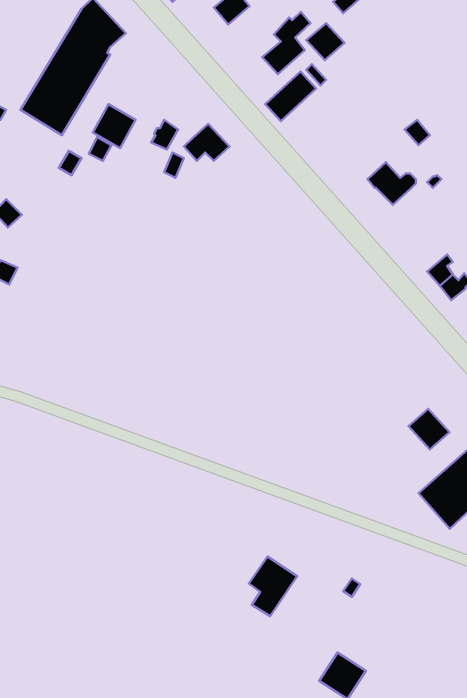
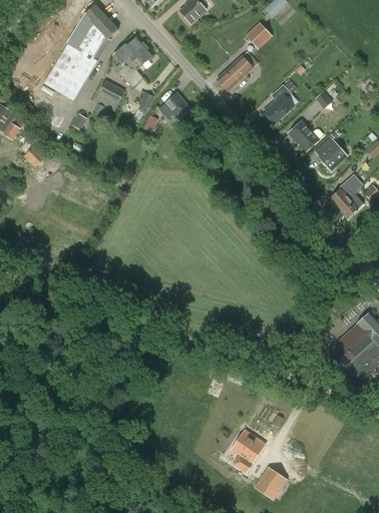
building: [262,12,311,74] -> [263,78,297,122]
building: none -> [112,35,153,86]
building: none -> [317,136,347,169]
building: [408,409,450,450] -> none
building: [249,556,297,616] -> [231,429,265,471]

